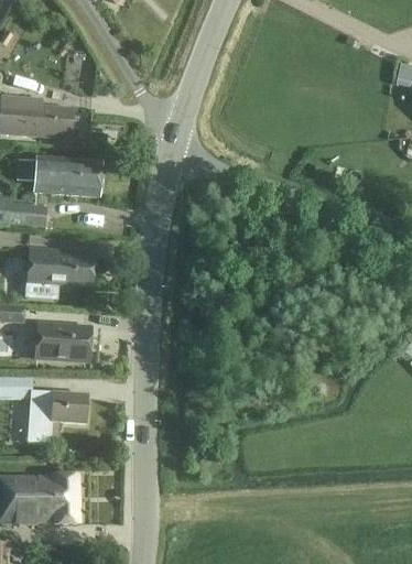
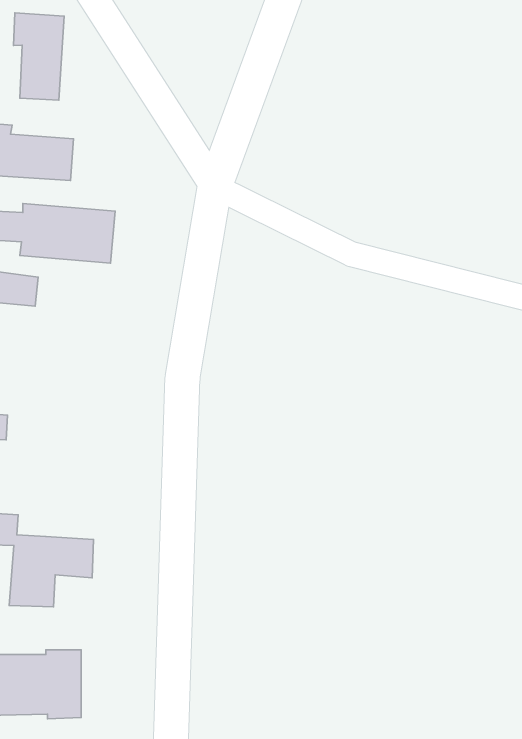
building: none -> [13,13,64,100]
building: [24,247,93,299] -> none
building: [33,323,88,361] -> none

